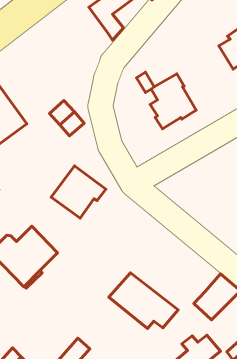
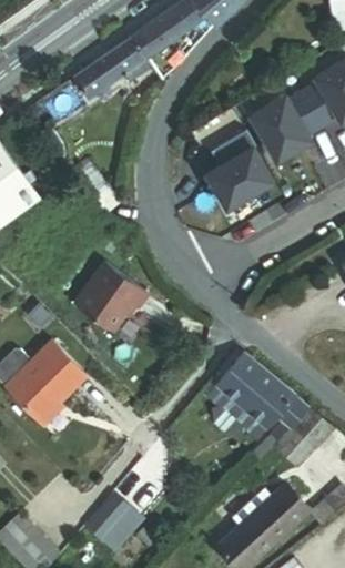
building: none -> [72,39,153,100]
building: none -> [253,92,325,158]
building: [109,273,178,328] -> [212,355,307,432]

